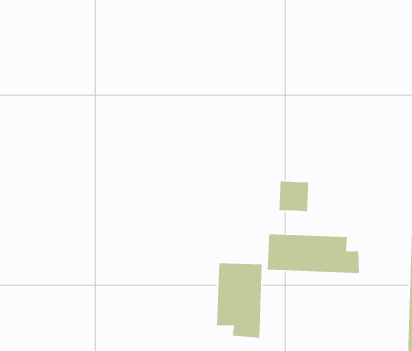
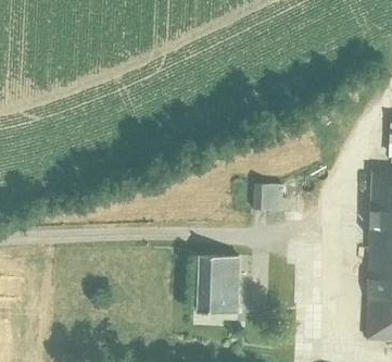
building: [267,234,360,274] -> none

